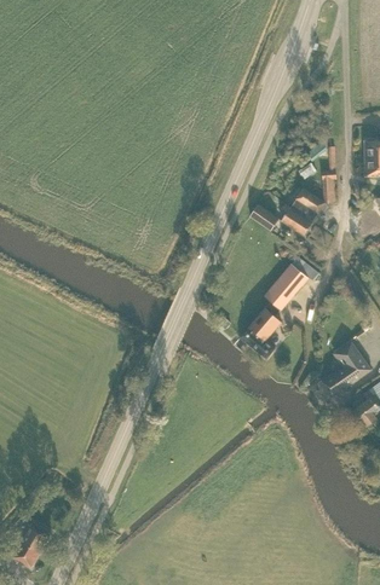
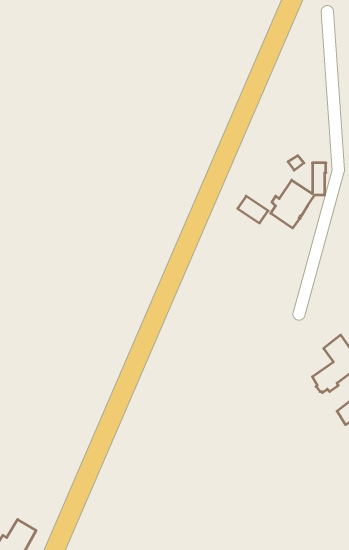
building: [241,255,321,358] -> none

